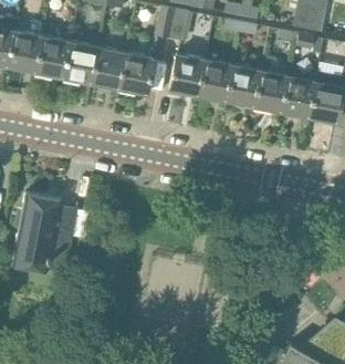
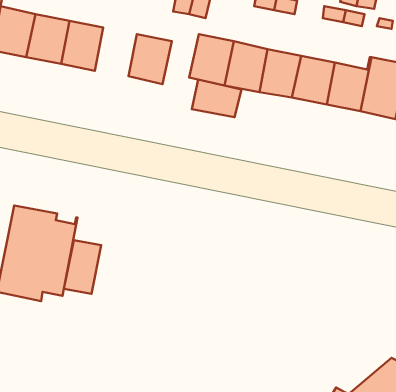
building: [92,48,126,87] -> none
building: none -> [192,80,242,117]
building: none -> [64,240,101,294]

